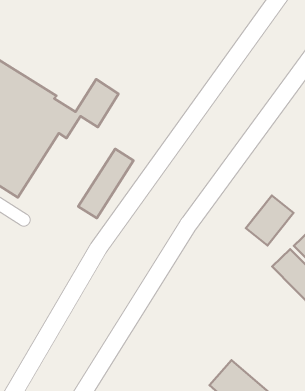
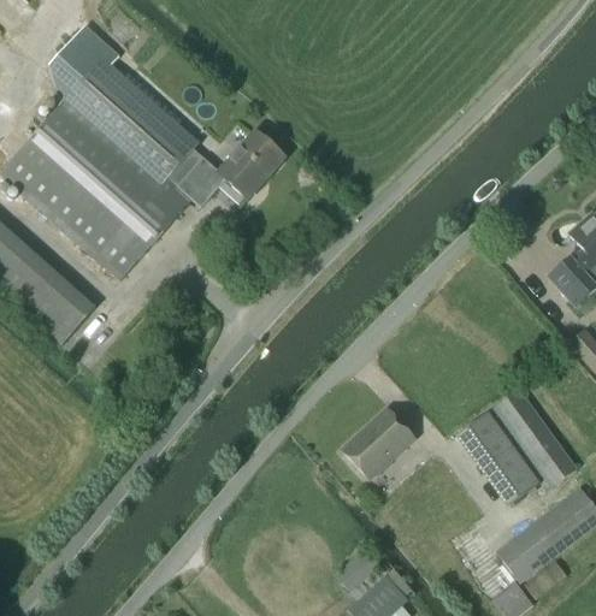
building: [78,149,134,218] -> none
building: [246,195,294,245] -> [343,409,413,478]

